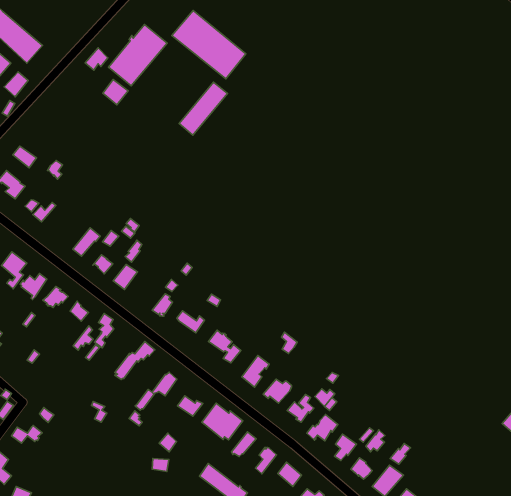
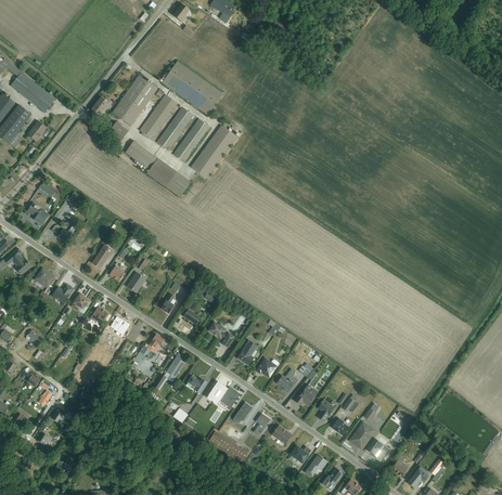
building: none -> [140,94,179,139]
building: none -> [156,106,194,151]
building: none -> [191,122,237,179]
building: none -> [126,141,191,197]

